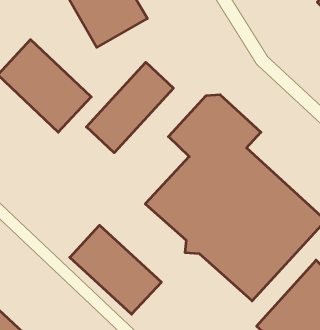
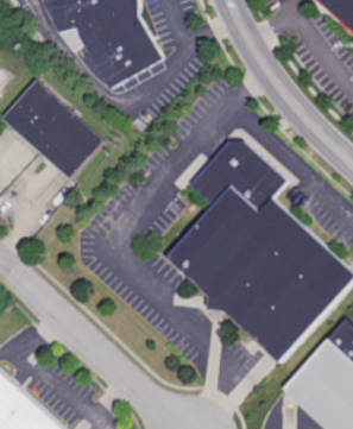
building: [86,62,173,153] -> none
building: [70,225,161,314] -> none

